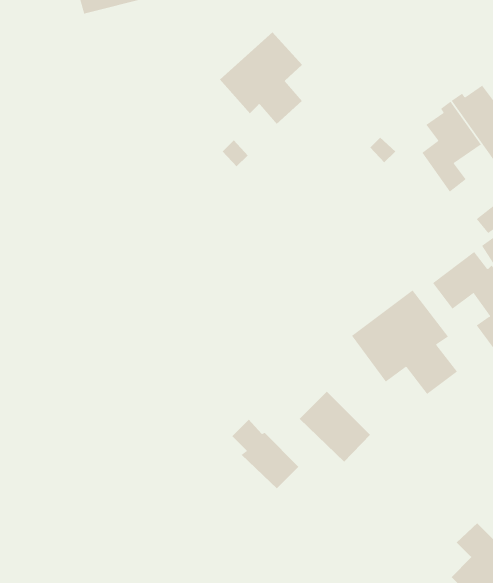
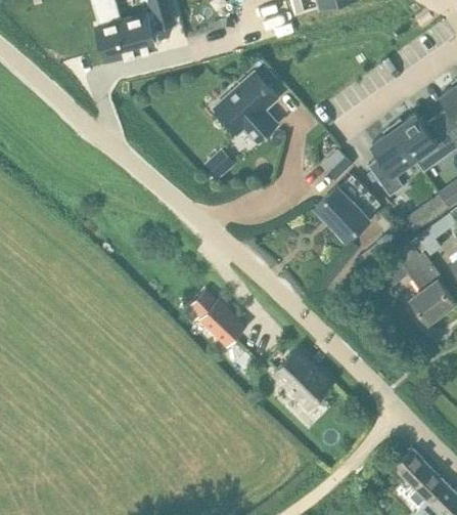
building: none -> [314,176,379,242]
building: [351,289,458,395] -> none
building: [231,419,299,489] -> [192,290,244,344]

